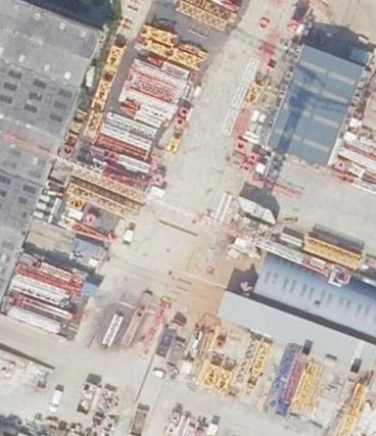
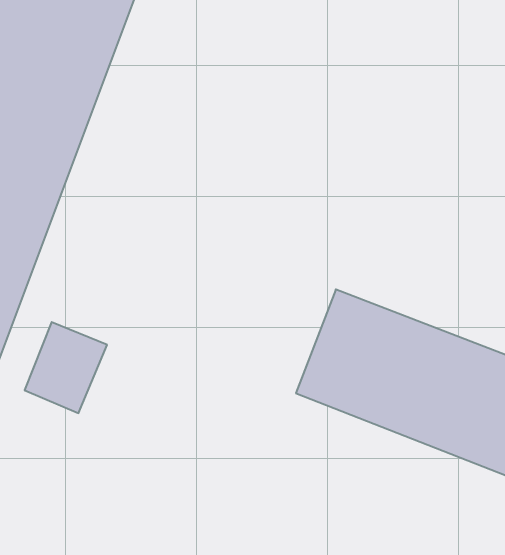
building: [266,47,361,165] -> none

